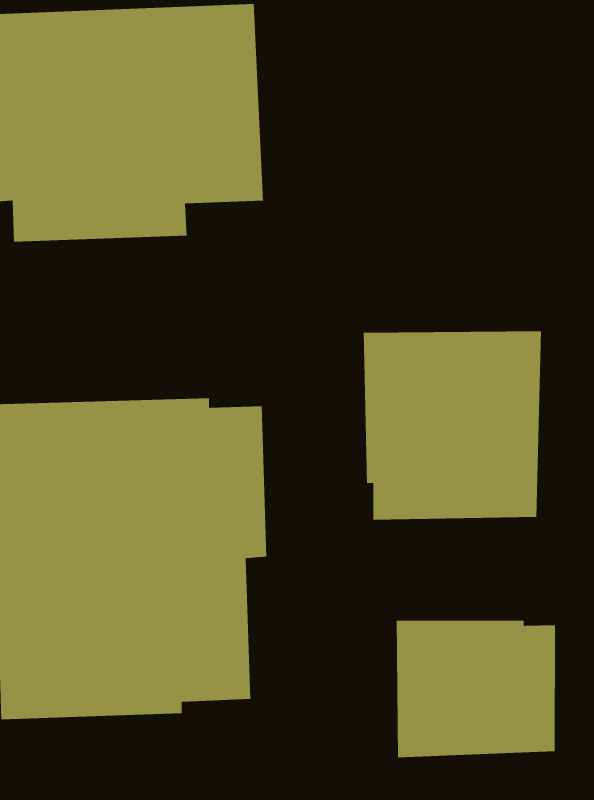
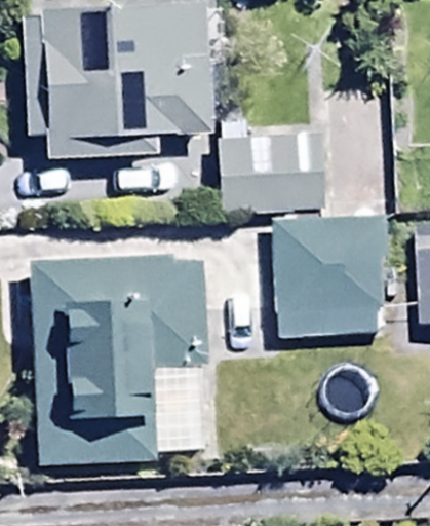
building: none -> [218,116,324,213]
building: [396,620,556,758] -> none

